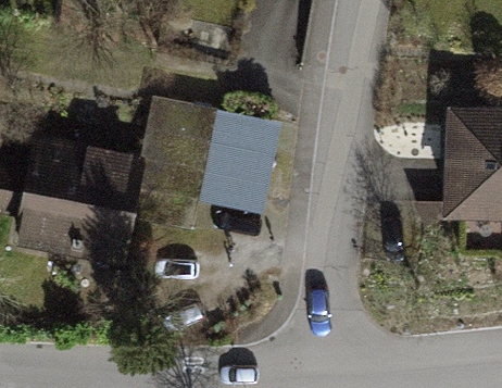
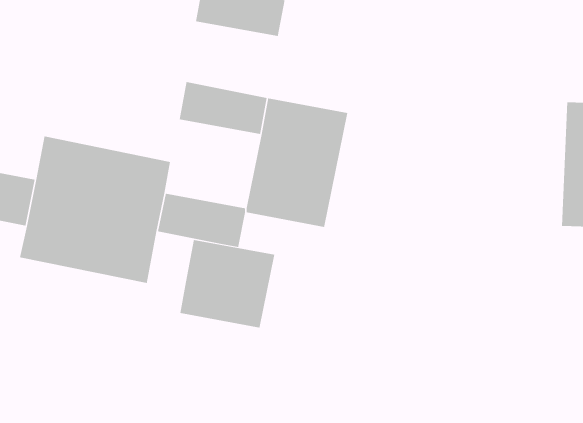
building: [135,128,211,199] -> [180,239,275,328]

